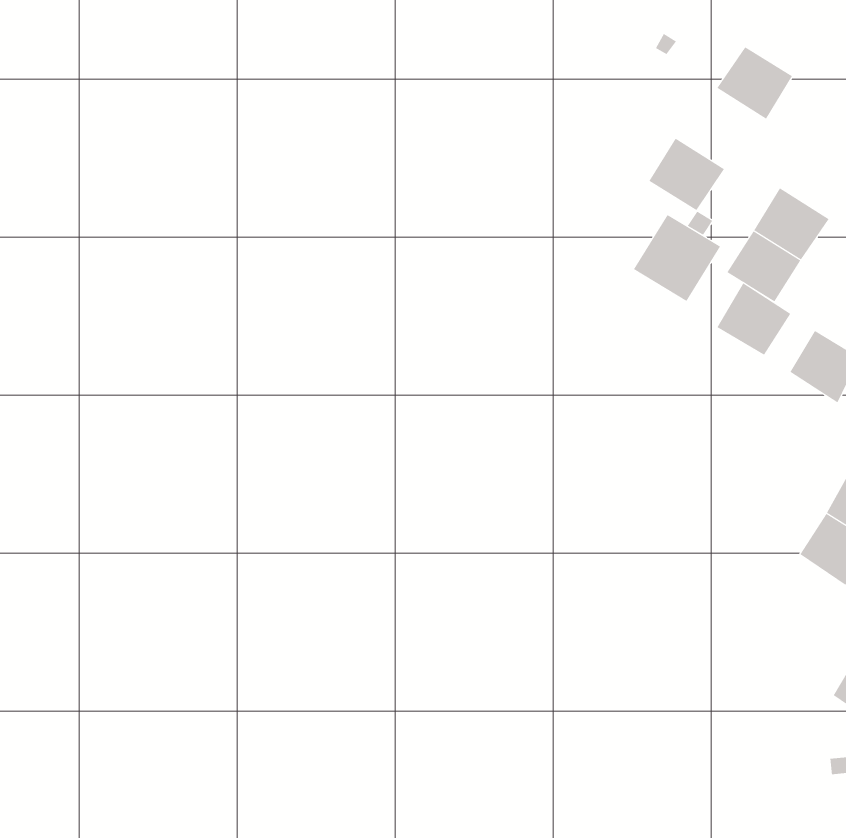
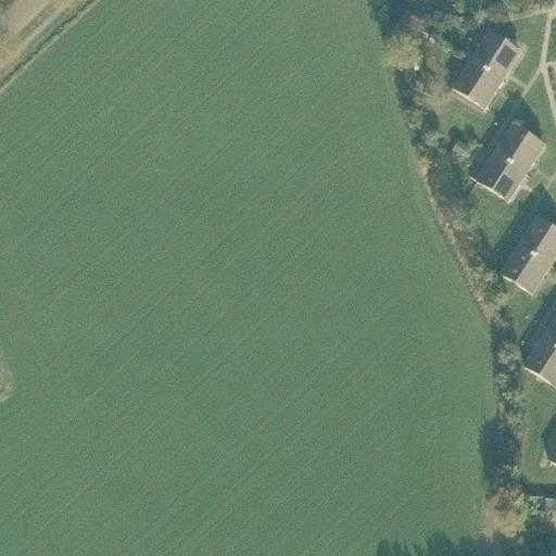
building: [649,138,725,211] -> [453,58,503,105]
building: [633,214,721,302] -> none
building: [716,282,791,355] -> [501,243,549,291]

